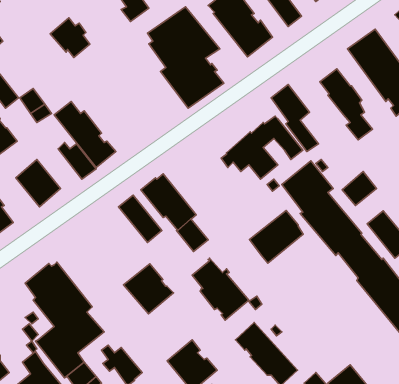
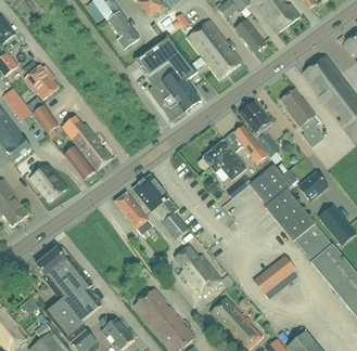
building: [50,18,90,57] -> [24,66,56,99]
building: [249,210,303,263] -> [254,256,298,299]
building: [123,264,173,314] -> [133,287,175,328]

